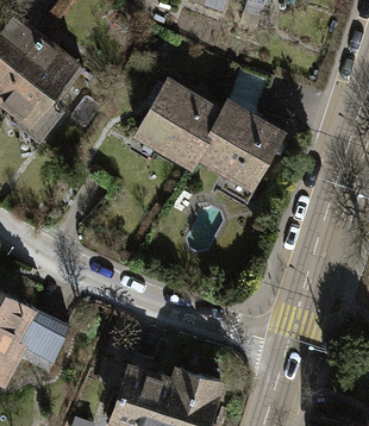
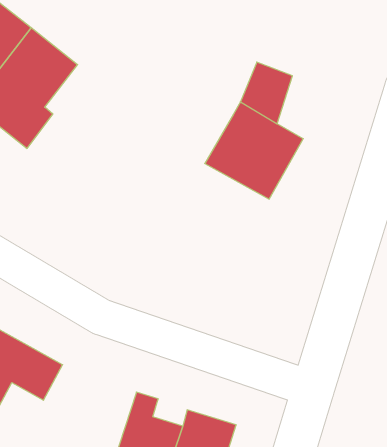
building: [132,82,218,167] -> none

